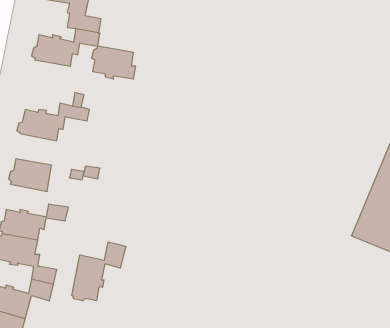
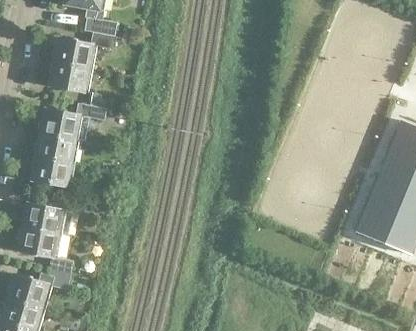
building: [92,46,136,79] -> [47,62,89,93]
building: none -> [32,132,74,162]
building: [72,242,126,301] -> none

